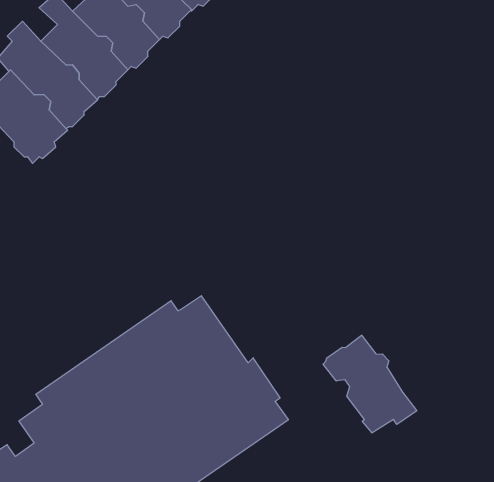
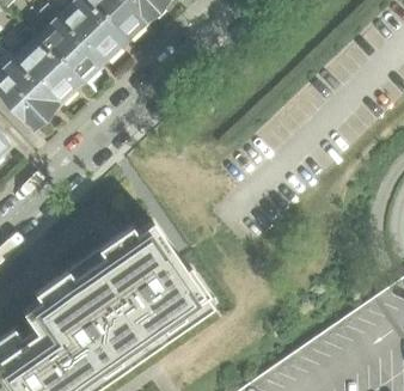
building: [323,335,417,433] -> none

